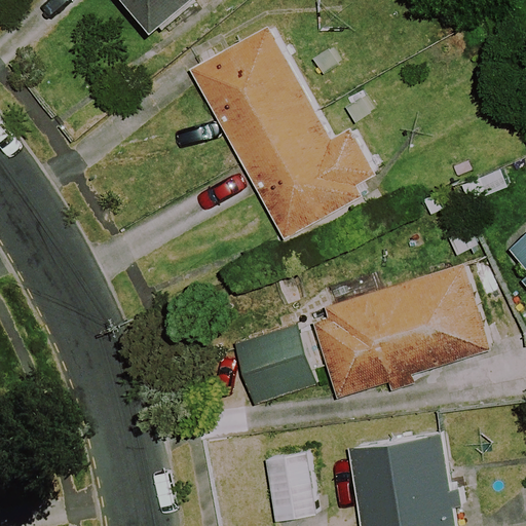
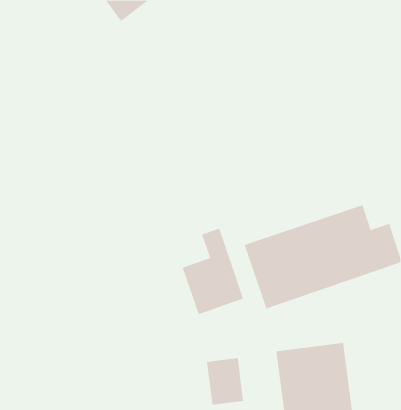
building: [189,27,380,237] -> none

